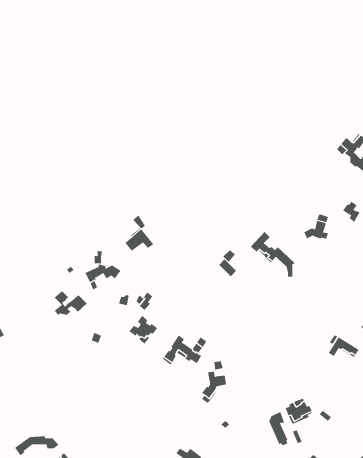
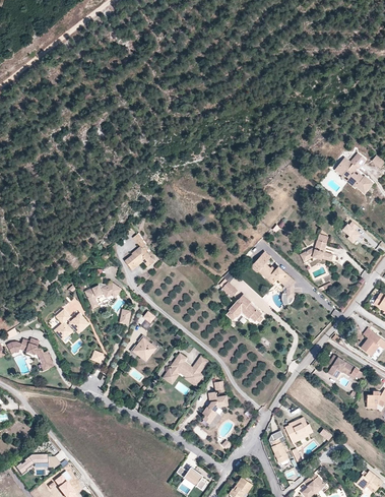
building: none -> [227,294,264,322]
building: none -> [7,339,55,372]

